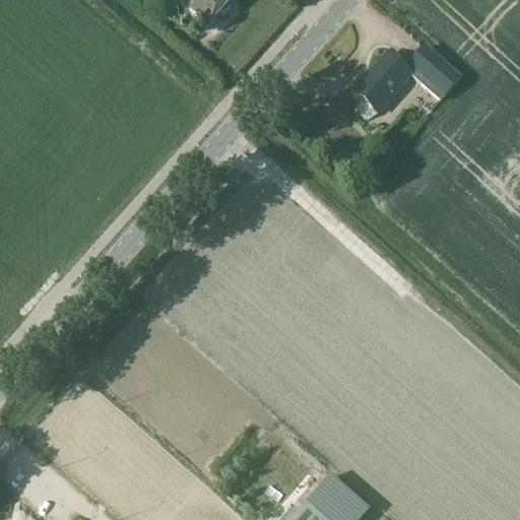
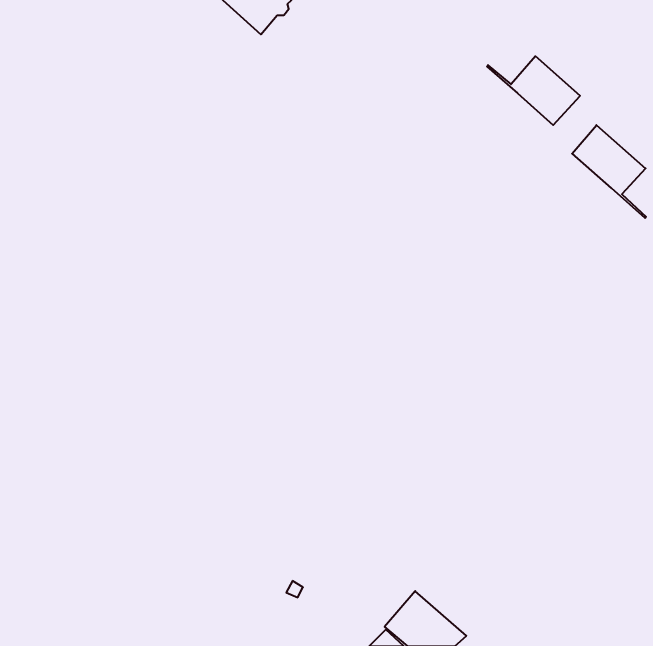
building: [354,53,411,112] -> none
building: none -> [572,125,646,218]

